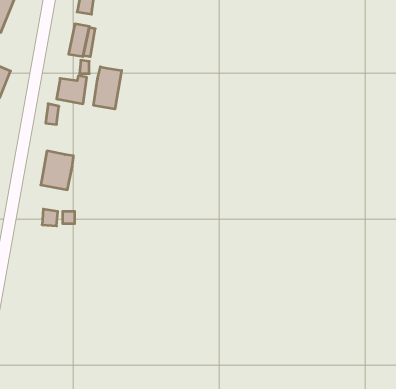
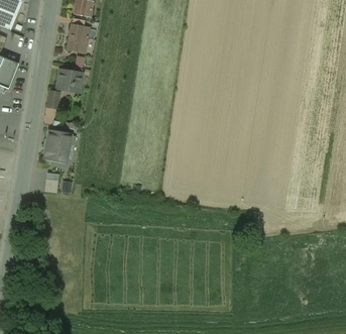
building: [94,67,122,109] -> none

